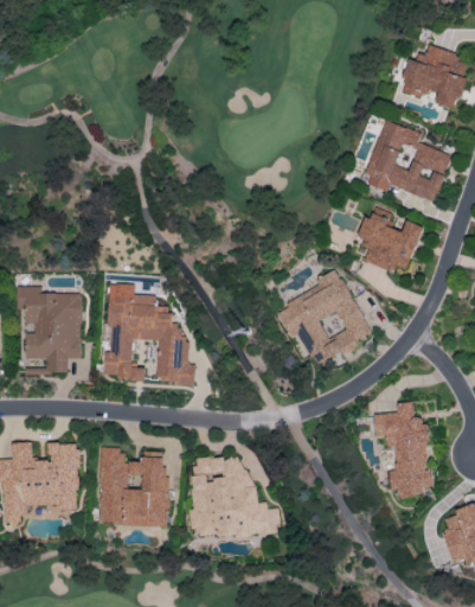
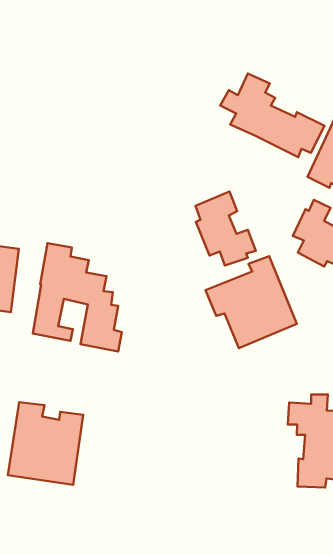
building: none -> [220,73,324,157]
building: none -> [196,192,256,265]
building: [188,455,278,537] -> none

